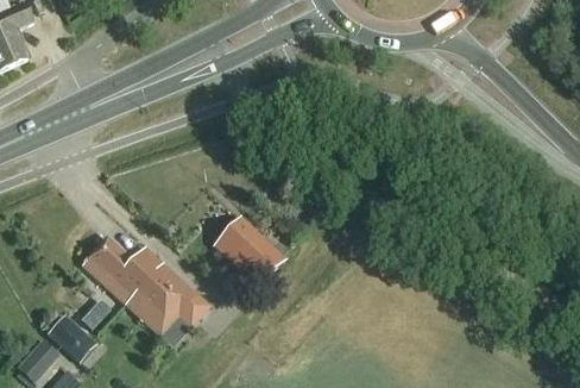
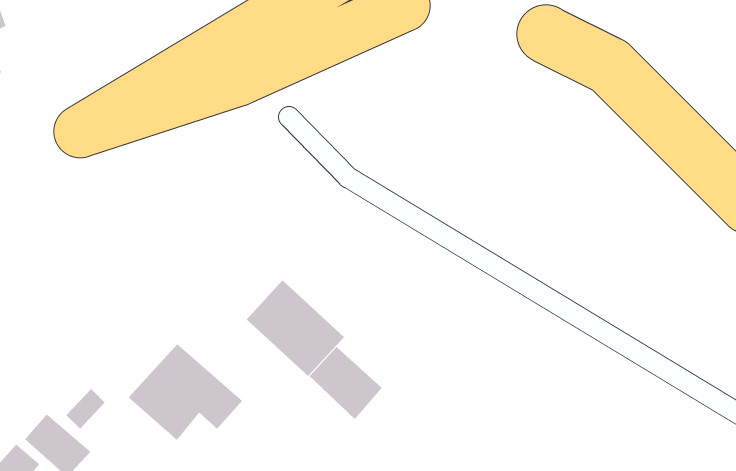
building: [83,238,162,302] -> none
building: none -> [309,346,383,420]

